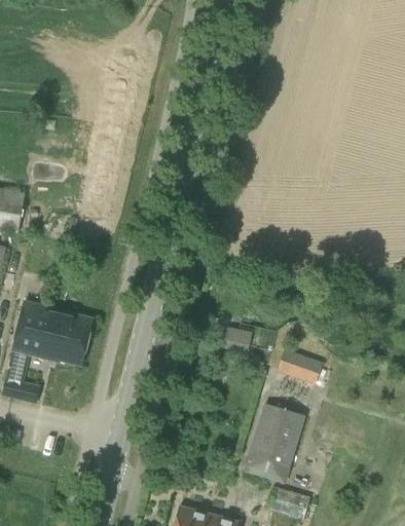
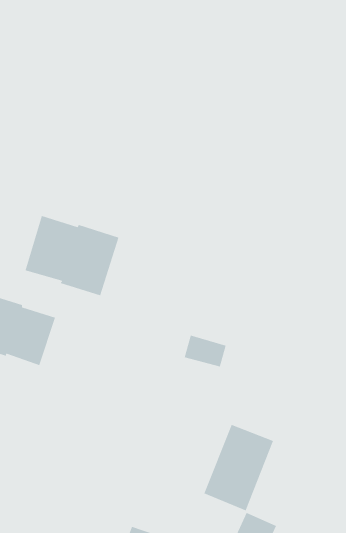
building: none -> [25,215,119,296]
building: [279,349,325,385] -> none

